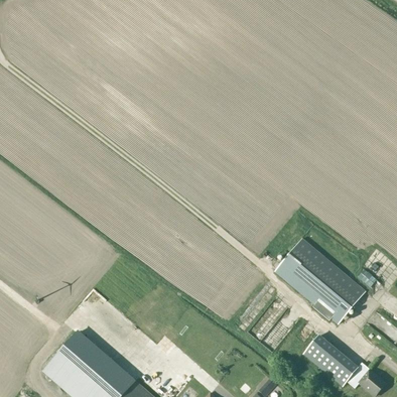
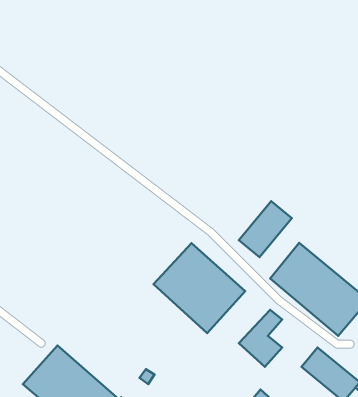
building: none -> [239,201,292,257]
building: none -> [154,243,245,333]

